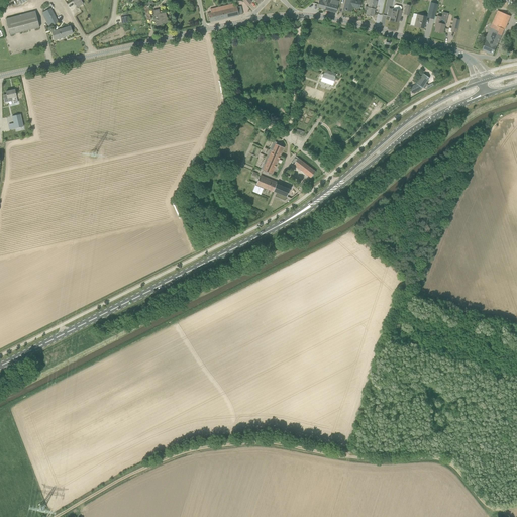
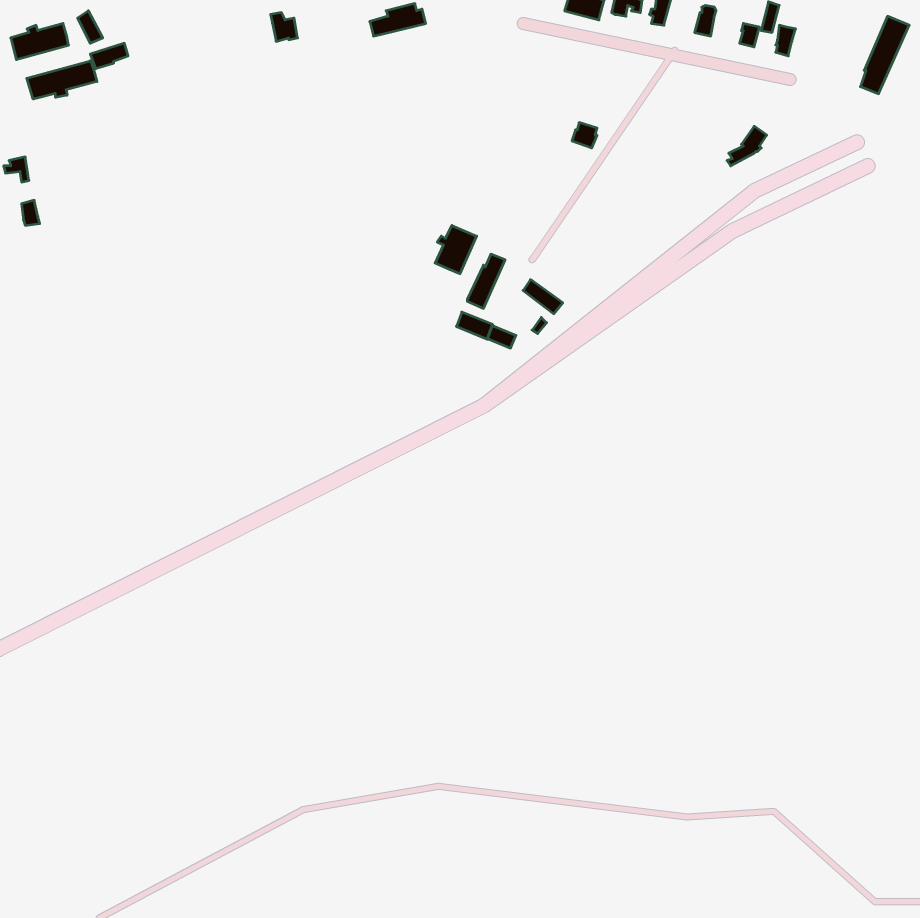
building: none -> [27,61,97,99]
building: none -> [435,225,477,274]

